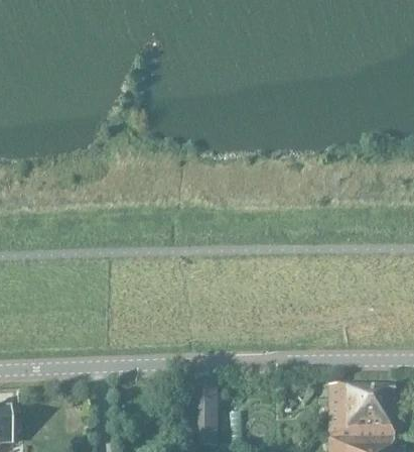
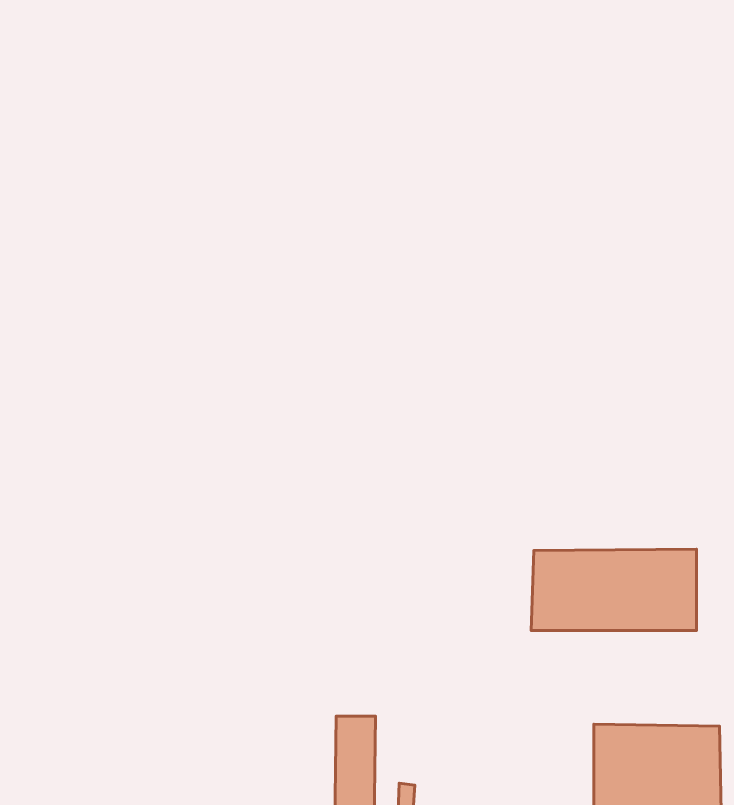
building: none -> [531,549,696,630]

